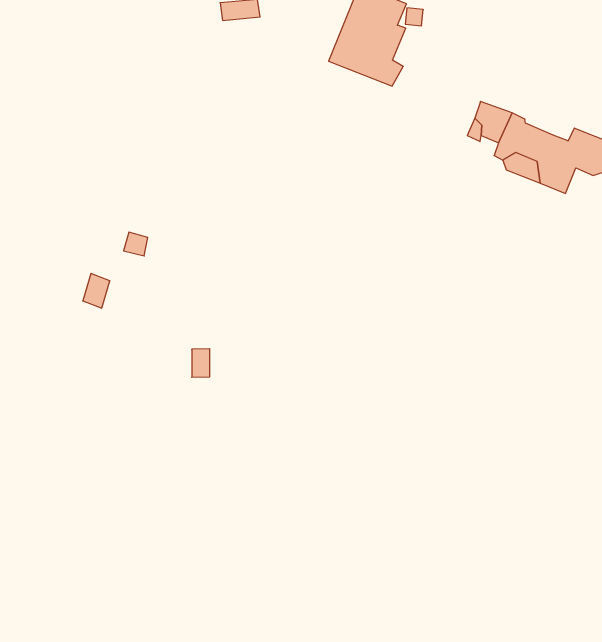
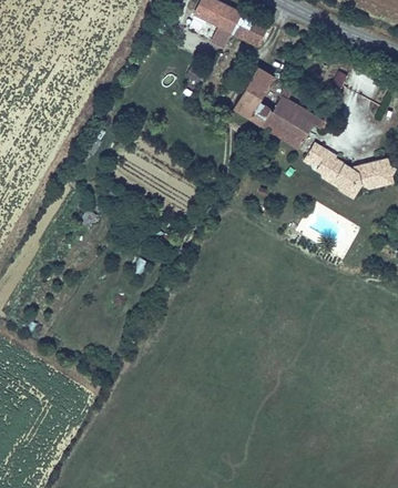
building: none -> [267,96,315,145]

